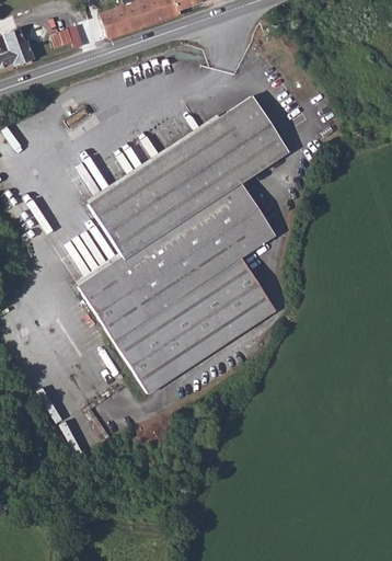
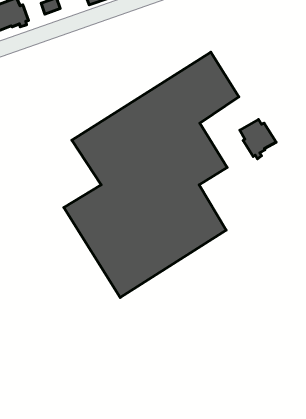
building: none -> [240,119,276,159]

